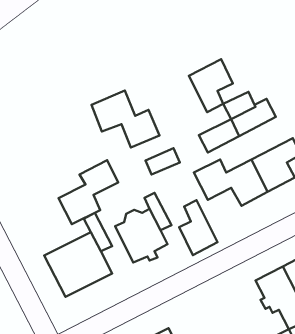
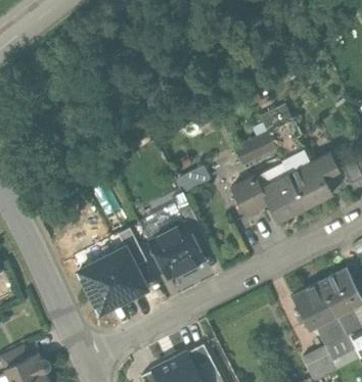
building: [189,59,233,112] -> none
building: [91,91,160,147] -> none
building: [58,160,118,224] -> none
building: [179,200,218,255] -> none

